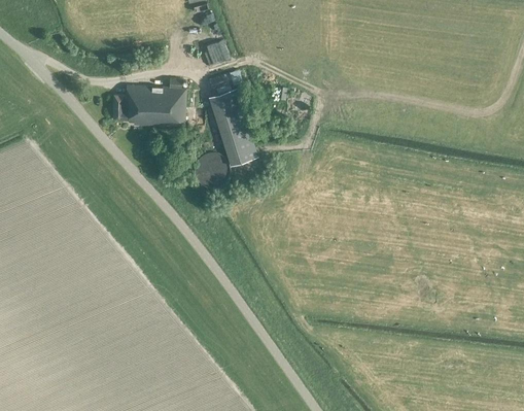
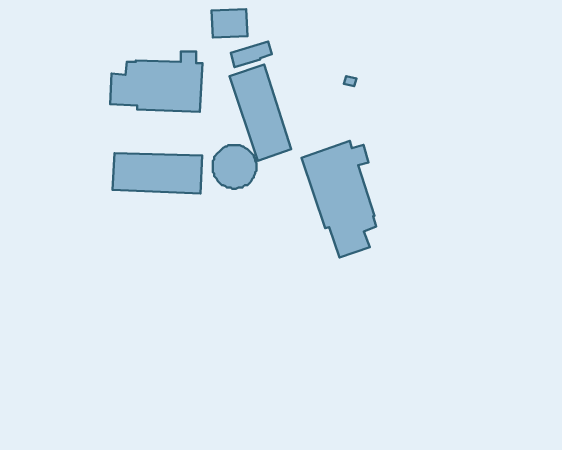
building: none -> [302,141,376,257]
building: none -> [113,153,202,193]

